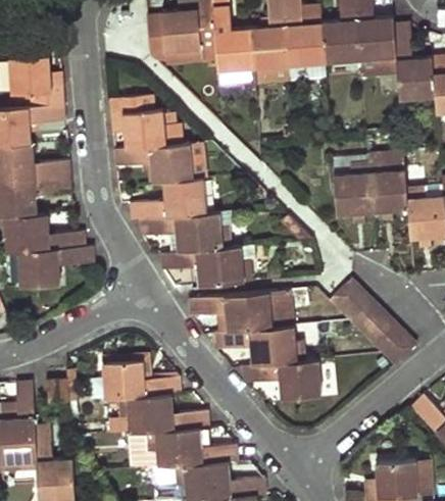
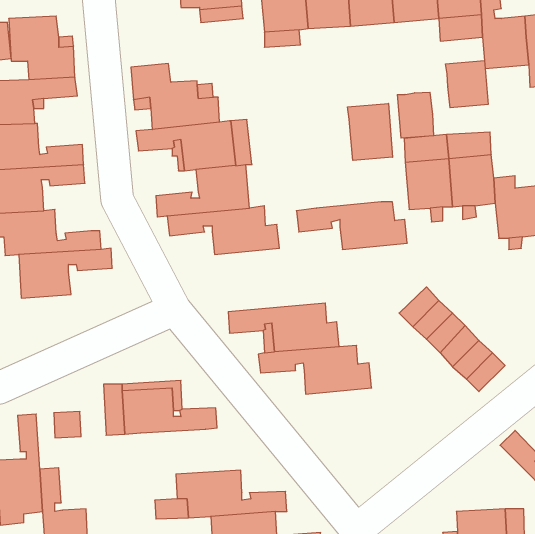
building: none -> [446,61,488,108]
building: none -> [397,92,434,138]
building: none -> [348,103,393,160]
building: [161,247,252,286] -> [296,202,407,249]
building: [242,360,320,399] -> none
building: [117,395,208,433] -> none

